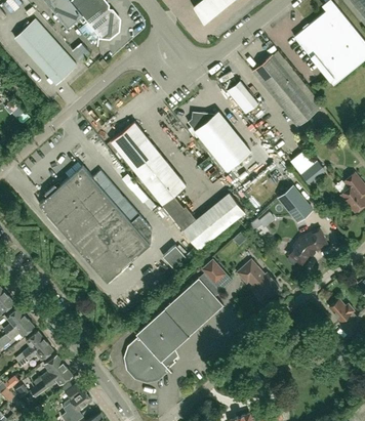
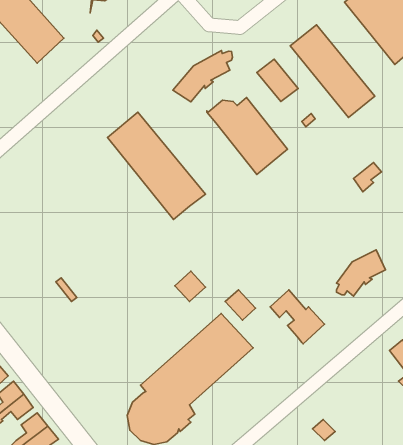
building: none -> [173,51,233,102]
building: [39,167,153,283] -> none
building: [279,186,313,222] -> none
building: [162,193,245,251] -> none

